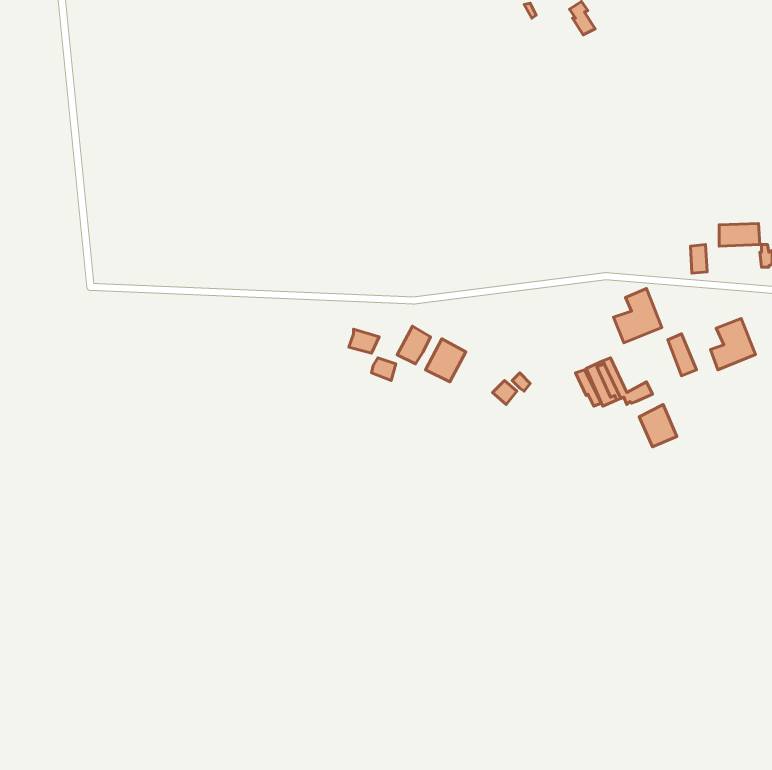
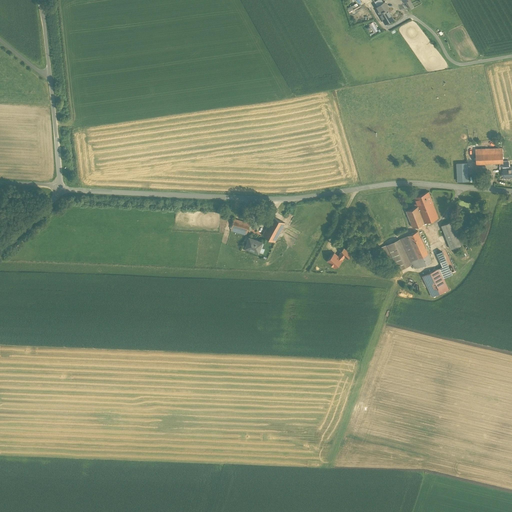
building: [710,319,756,370] -> none
building: [426,339,466,382] -> none
building: none -> [404,231,428,261]

